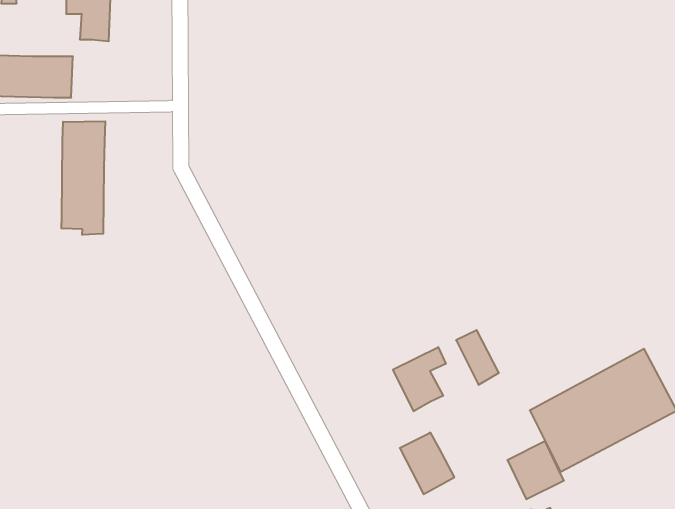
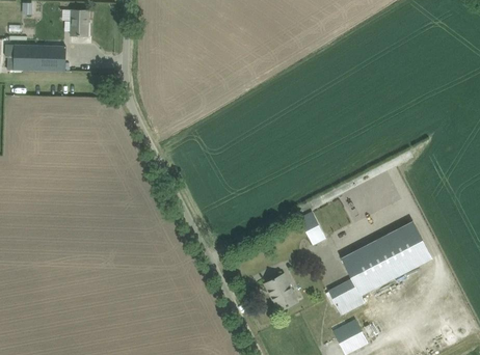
building: [61,121,105,235] -> none
building: [393,347,446,411] -> none

